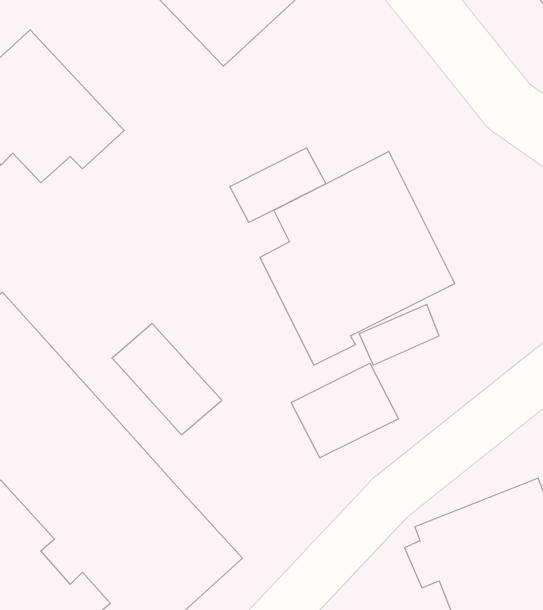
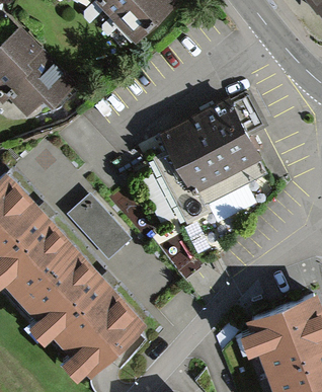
building: [230,148,326,222] -> none
building: [291,363,399,458] -> none

